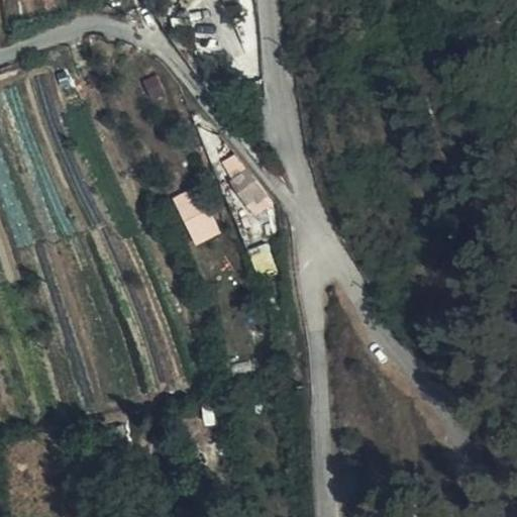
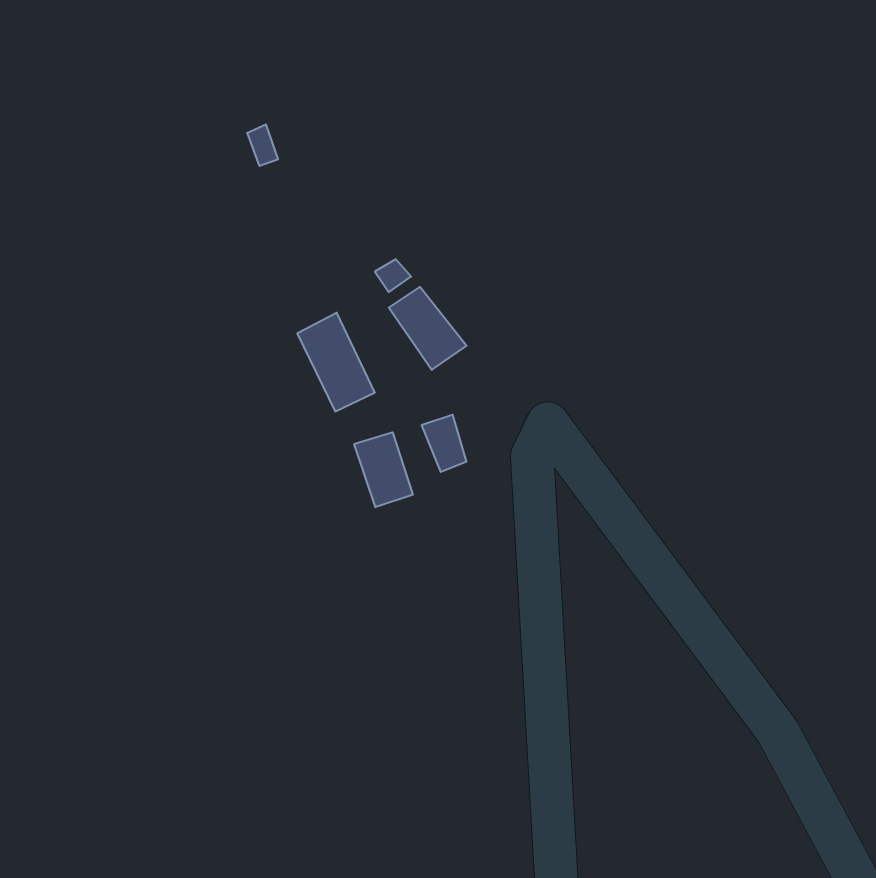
building: none -> [354,432,413,507]

